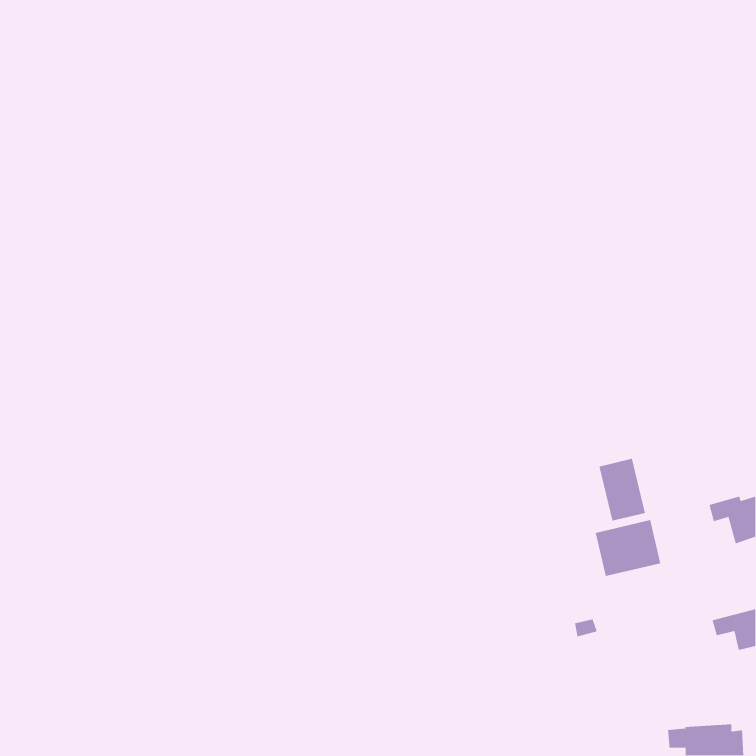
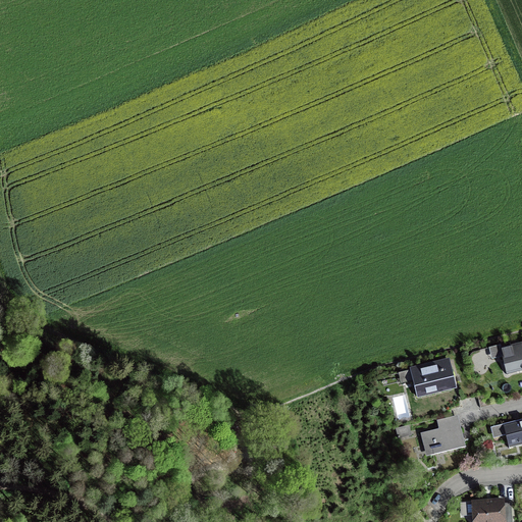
building: [599,458,646,522] -> none
building: none -> [420,415,466,457]

